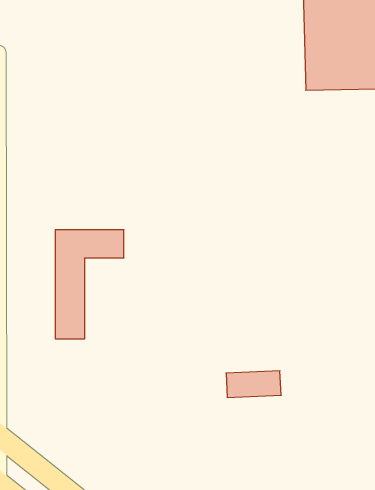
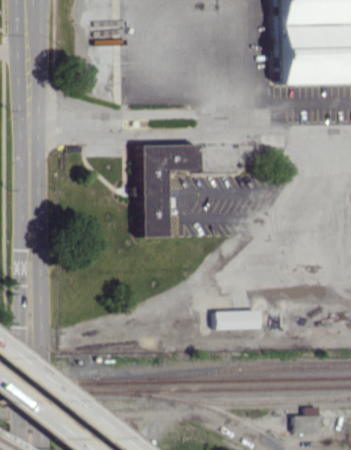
building: [55,230,124,339] -> [146,146,202,235]

